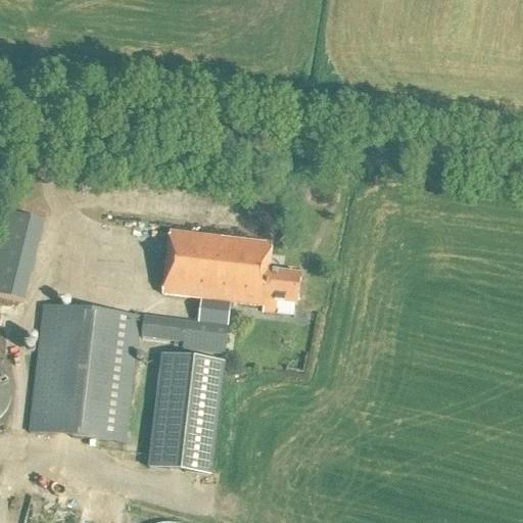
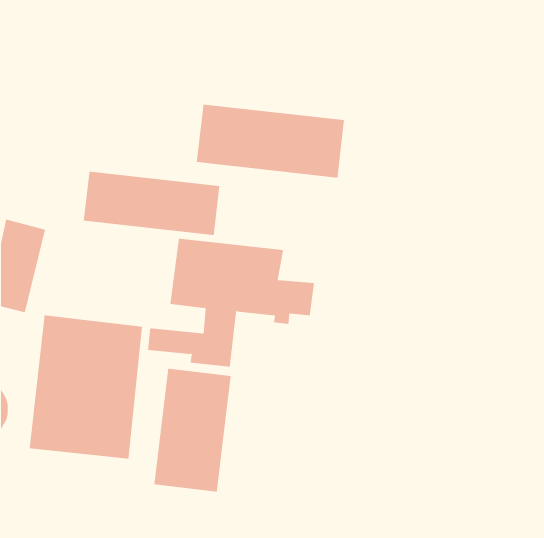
building: none -> [196,104,344,178]
building: none -> [83,171,220,236]

